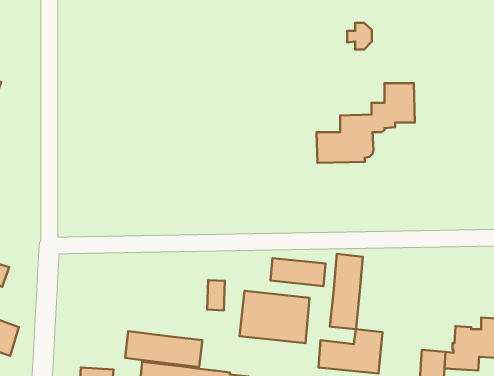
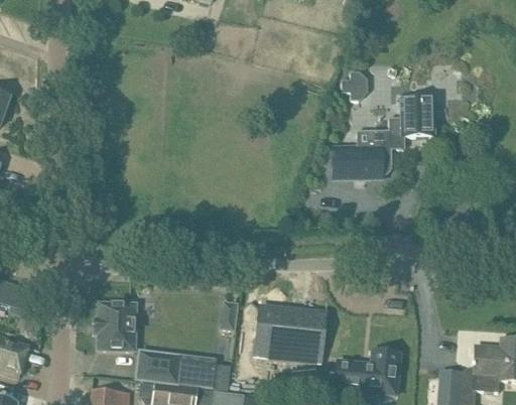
building: [347,23,372,49] -> [342,73,367,100]
building: [330,254,363,329] -> none
building: [270,258,325,286] -> none
building: none -> [98,302,135,350]

